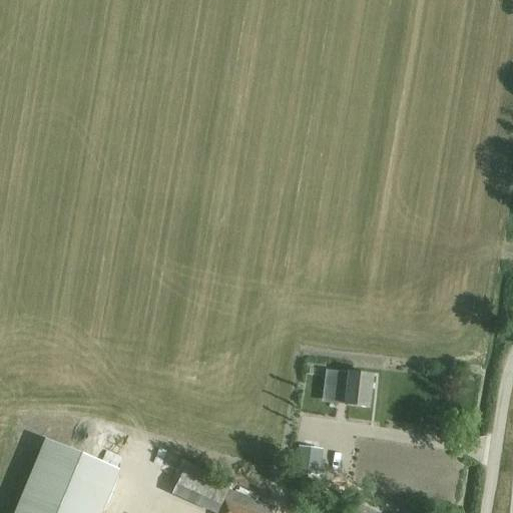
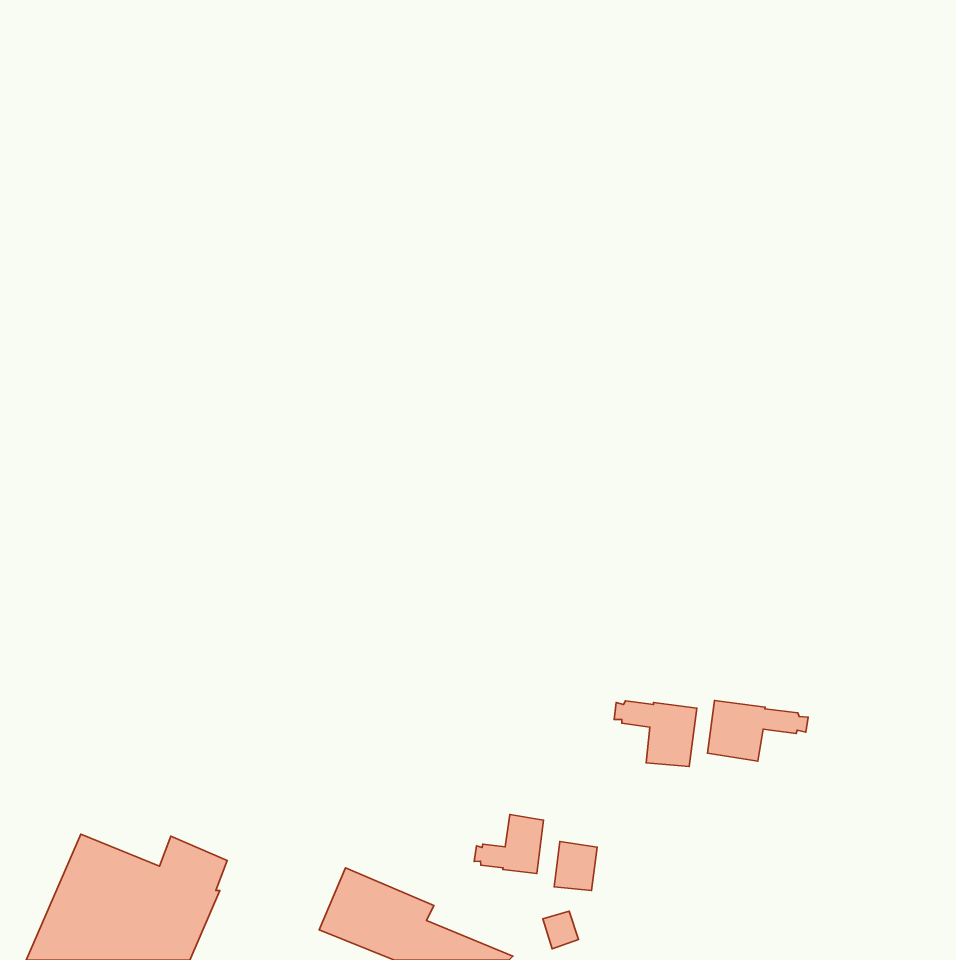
building: none -> [708,701,808,761]
building: none -> [474,814,543,874]

